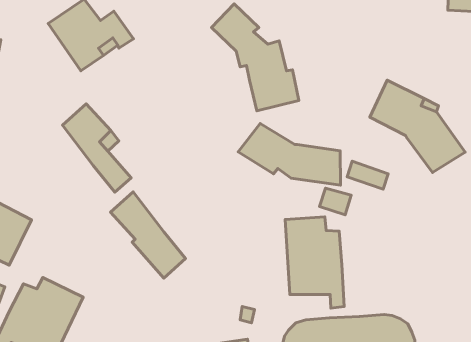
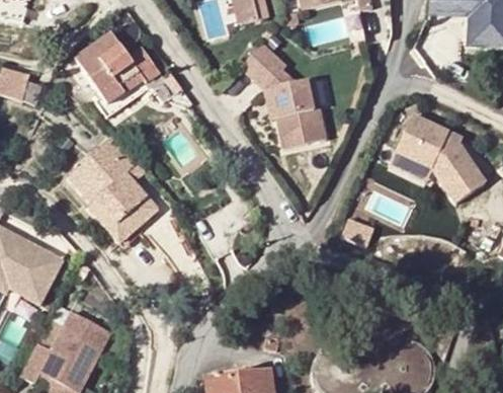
building: [238,123,340,185] -> none
building: [110,192,185,278] -> [69,159,143,244]
building: [285,217,344,308] -> none

